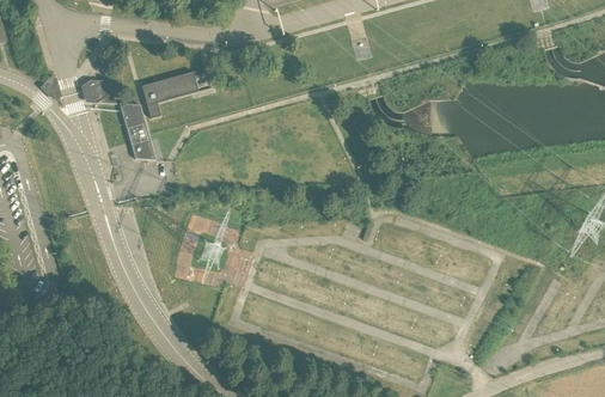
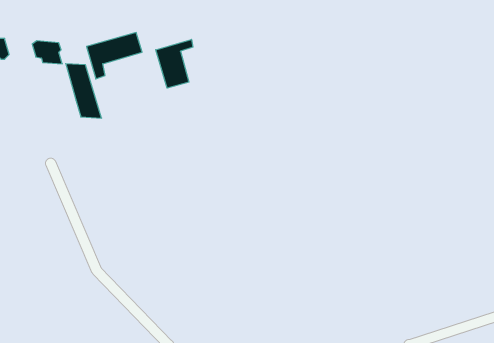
building: none -> [156,39,193,88]

